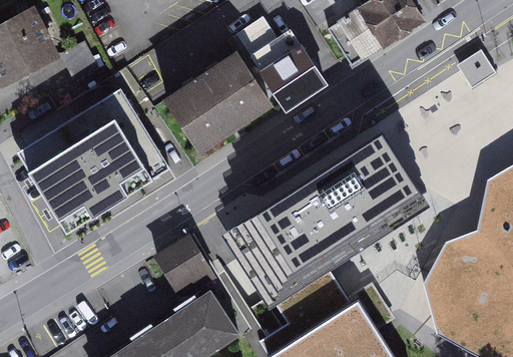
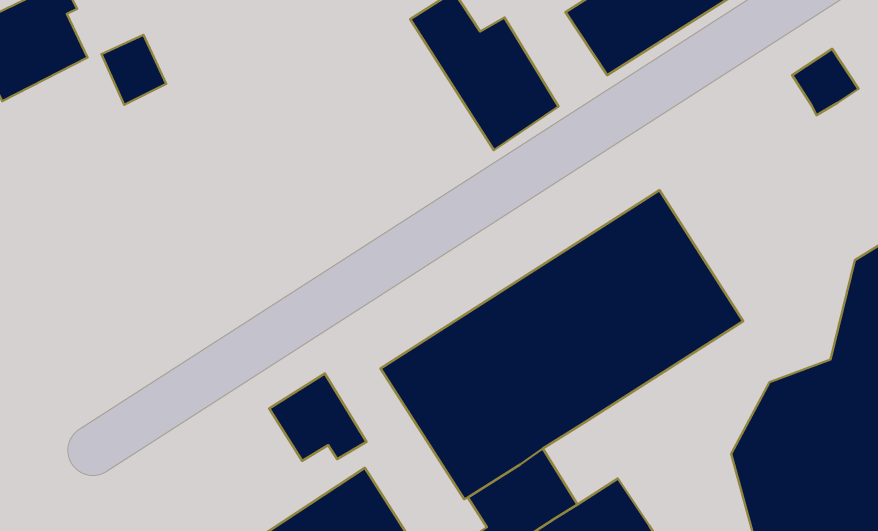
building: [167,53,270,149] -> none
building: [17,88,170,233] -> none

